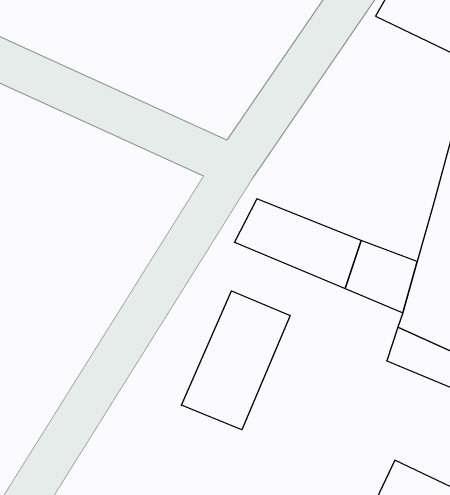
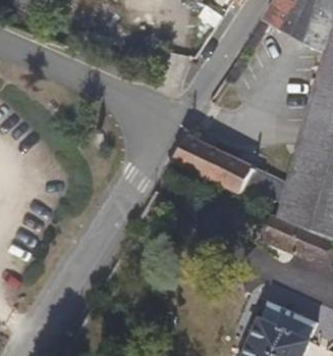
building: [181,291,290,430] -> none

